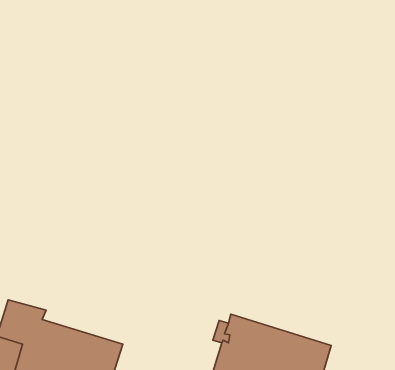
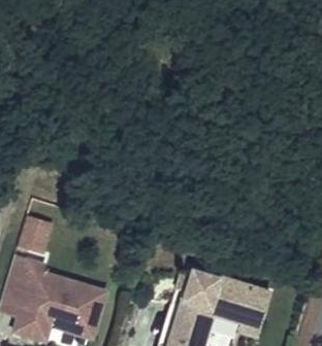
building: none -> [18,215,52,253]

